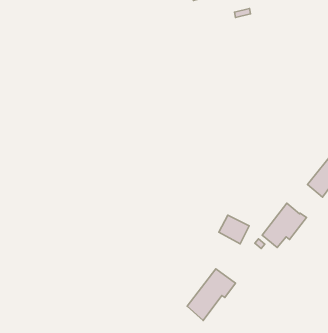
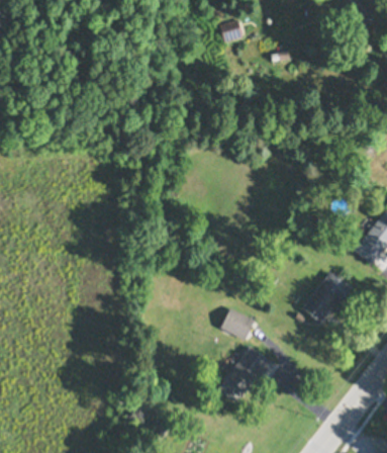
building: [219,215,249,244] -> [220,309,255,342]

